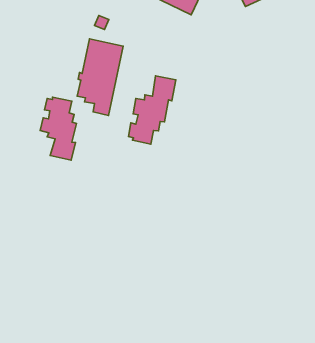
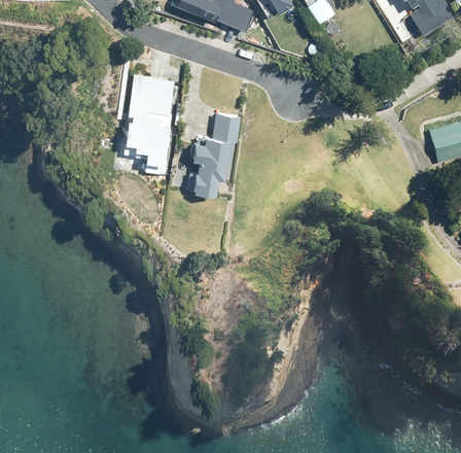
building: [40,97,76,160] -> none

